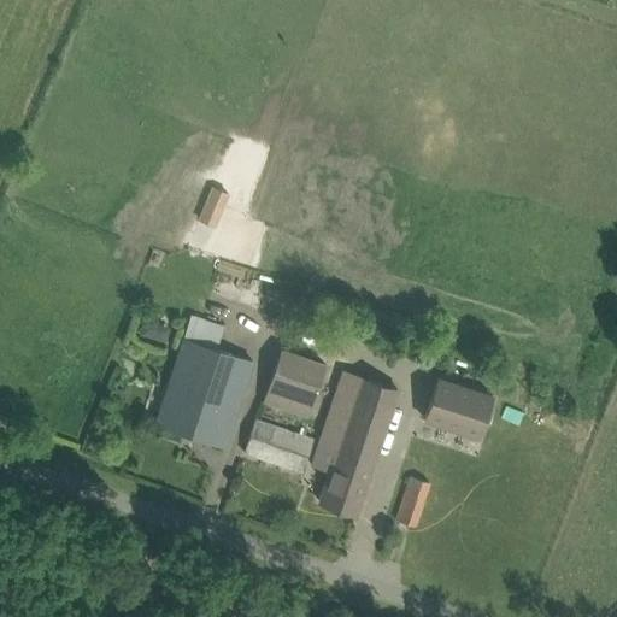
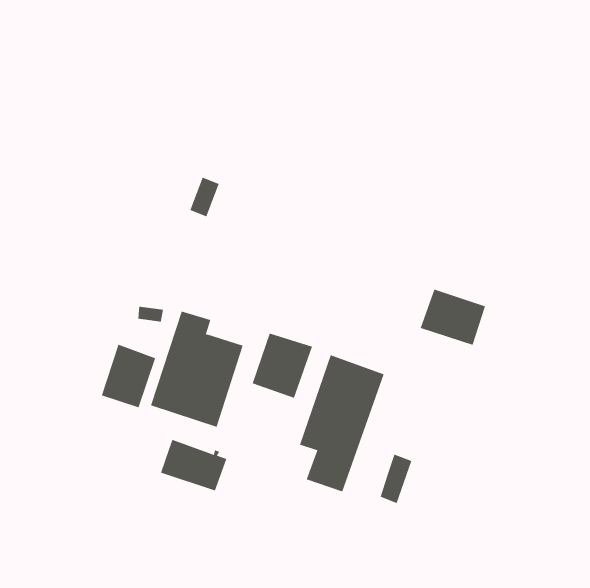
building: none -> [101,344,156,408]
building: [424,380,493,439] -> [420,289,486,346]
building: [245,419,315,474] -> [160,439,227,491]

